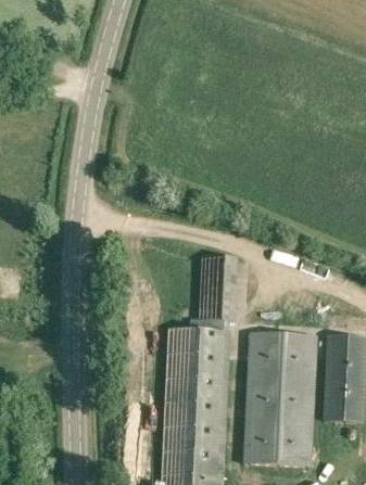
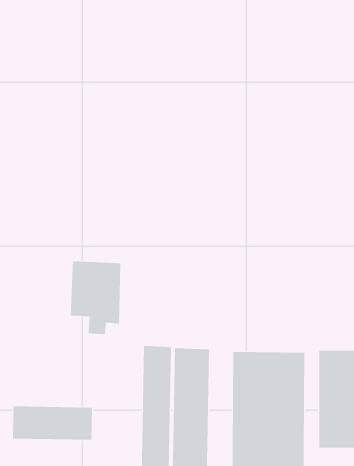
building: [203,256,250,323] -> [70,261,121,335]
building: none -> [12,406,93,441]

